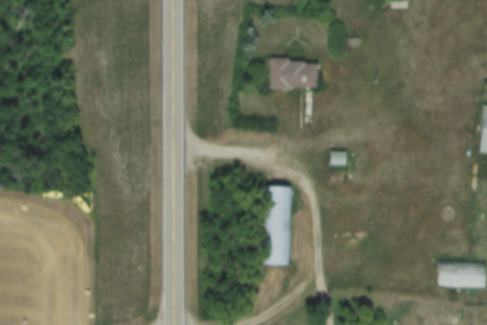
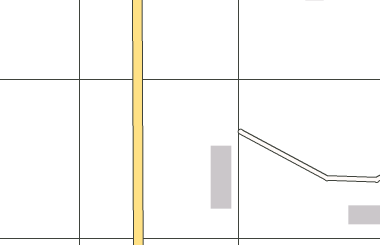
building: [269,59,317,88] -> none

